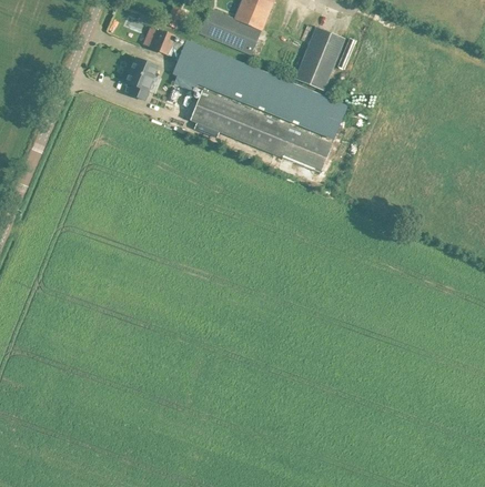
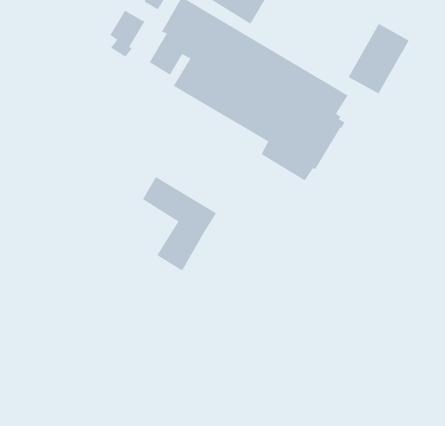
building: [294,28,344,91] -> [348,23,410,94]
building: none -> [142,176,217,271]

